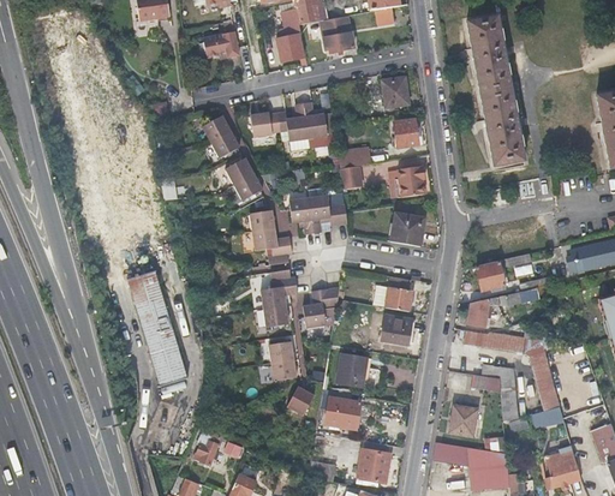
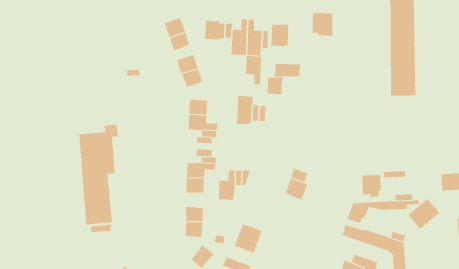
building: [392,119,417,149] -> [271,24,289,46]
building: [396,166,423,198] -> none
building: [289,198,314,234] -> [245,56,262,85]
building: [393,214,426,246] -> none
building: none -> [408,198,440,230]
building: [382,315,413,345] -> none

